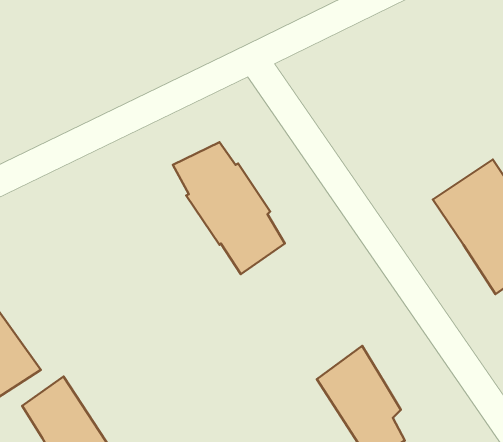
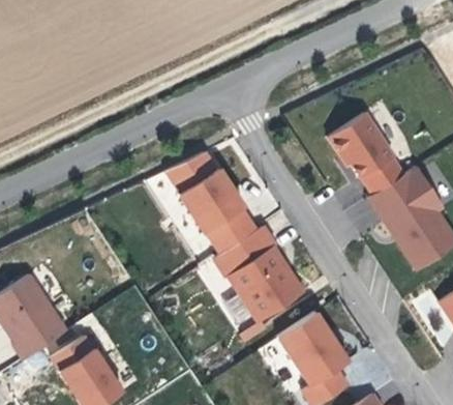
building: none -> [330,113,400,194]
building: none -> [215,226,304,318]

